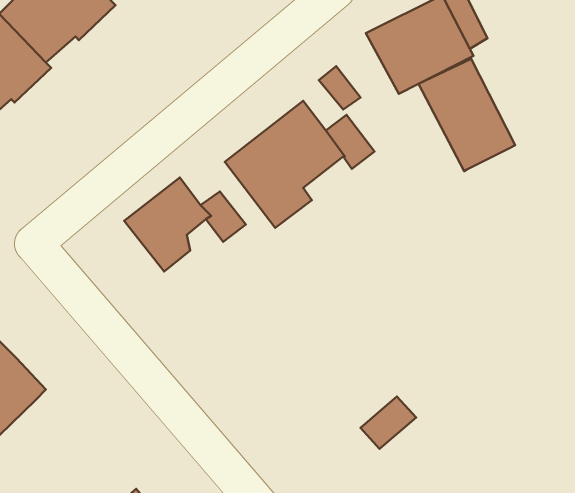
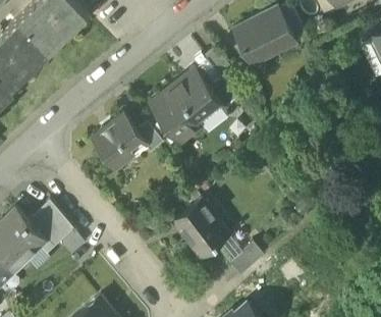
building: [419,59,515,171] -> none
building: none -> [28,201,72,254]
building: none -> [172,201,226,258]

